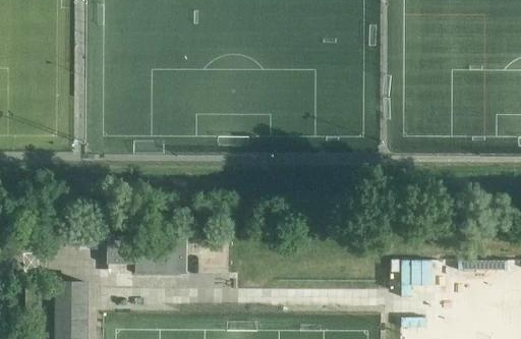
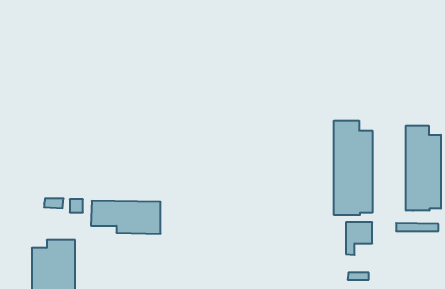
building: none -> [334,121,372,215]
building: none -> [406,126,441,211]

